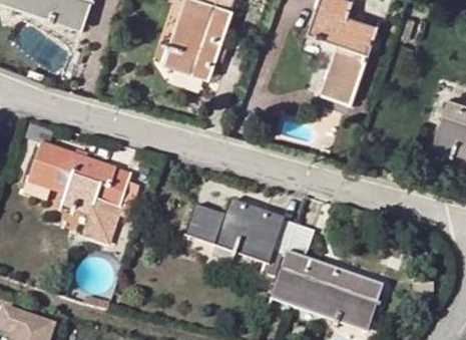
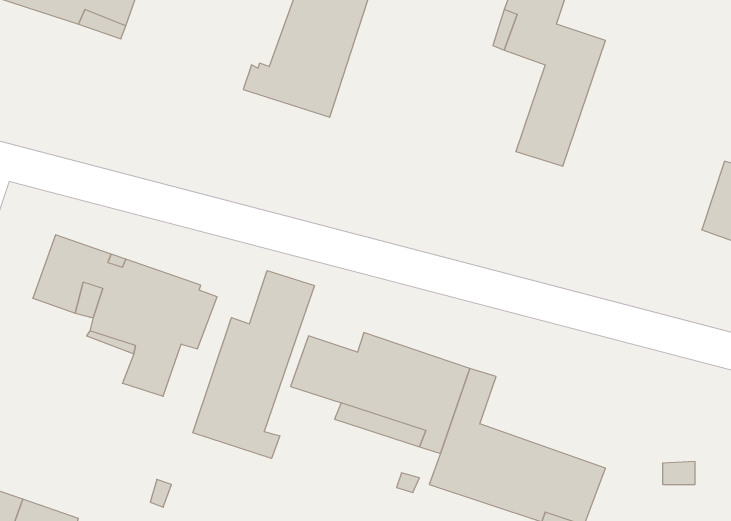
building: none -> [193,271,314,458]

